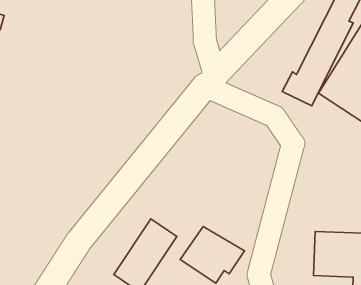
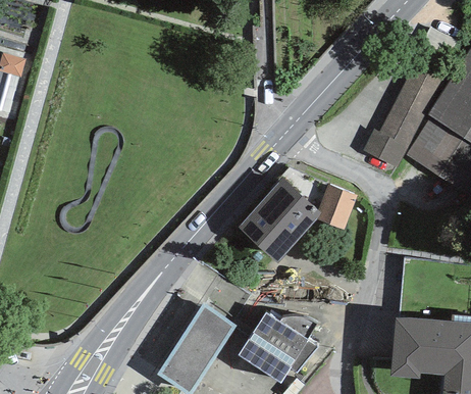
building: none -> [236,175,352,265]

